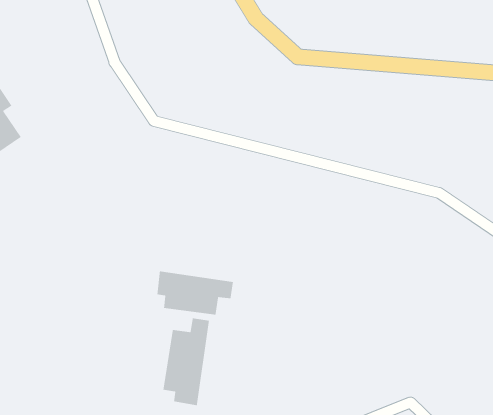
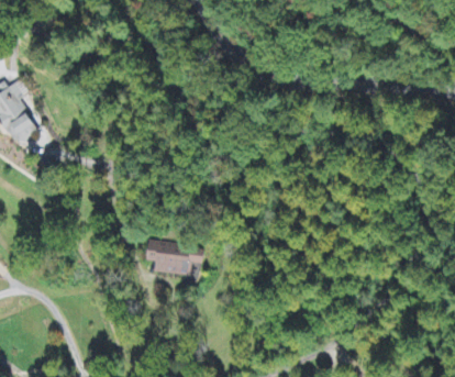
building: [162,318,210,406] -> none

